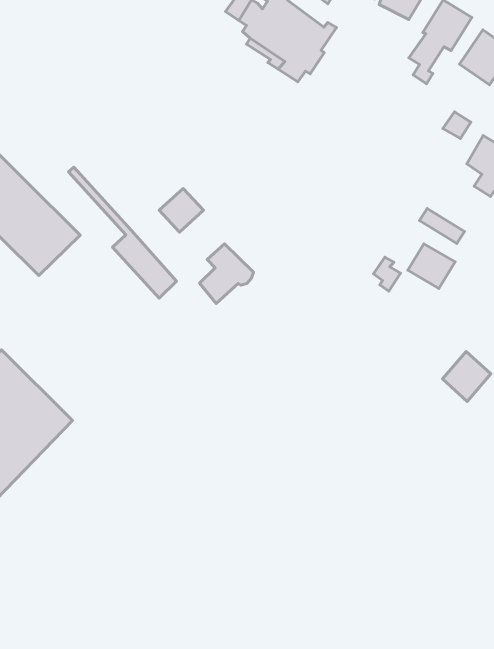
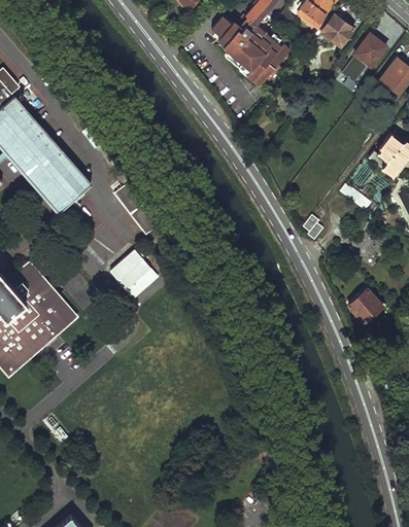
building: [159,188,203,232] -> none
building: [408,244,455,288] -> none
building: [199,244,254,303] -> none
building: none -> [109,249,154,292]

